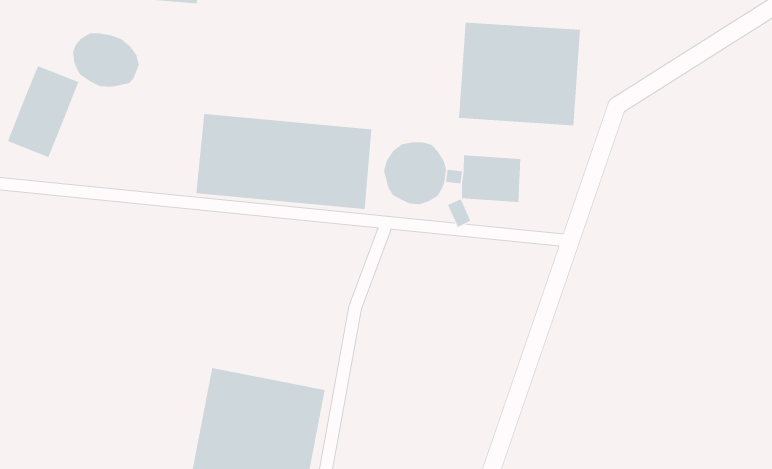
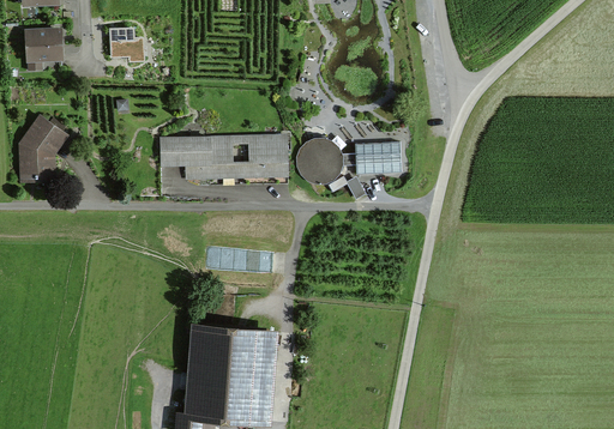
building: [459,22,580,126] -> none
building: [73,32,140,88] -> none

